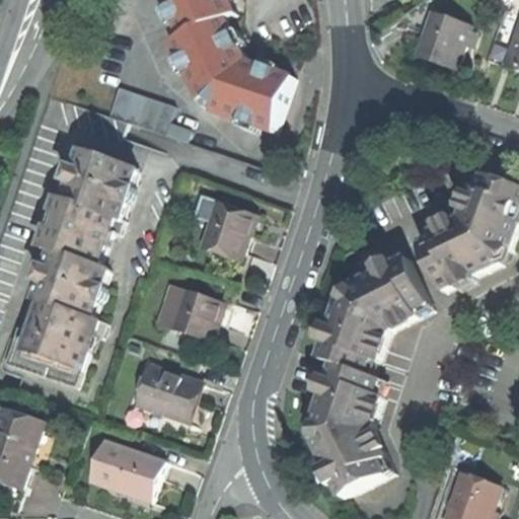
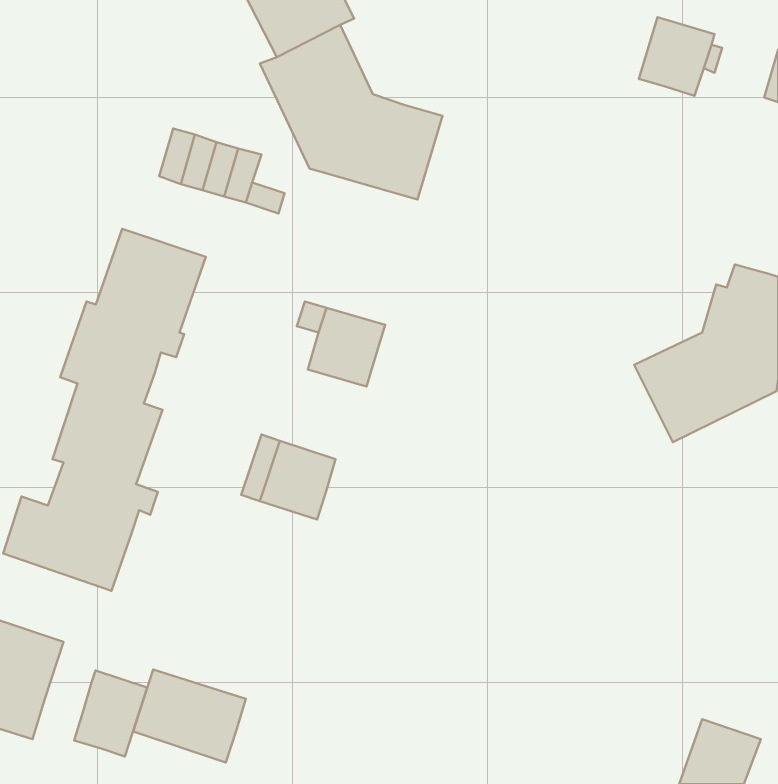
building: [307,257,430,497] -> none
building: [133,362,199,421] -> none
building: none -> [74,670,147,756]

